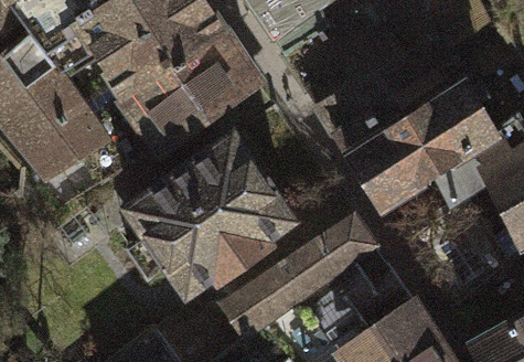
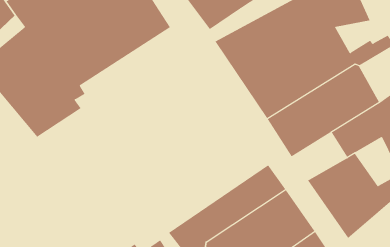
building: [101,36,258,172] -> none
building: [135,139,293,291] -> none

